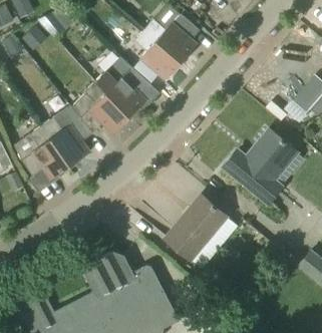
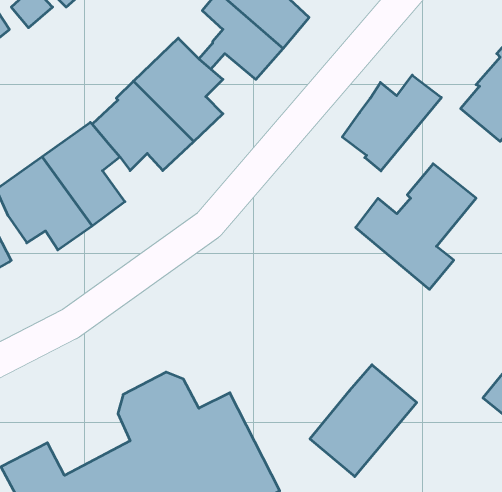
building: none -> [342,75,441,171]
building: [165,195,227,260] -> [310,365,417,477]

